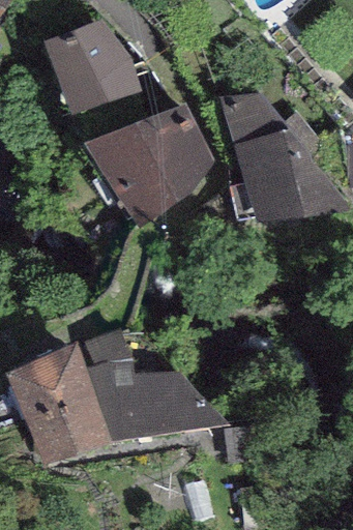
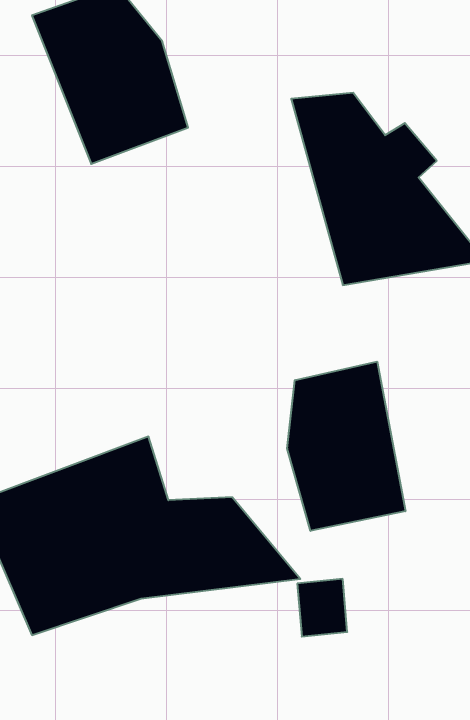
building: [83,104,215,228] -> none
building: none -> [287,362,405,531]

